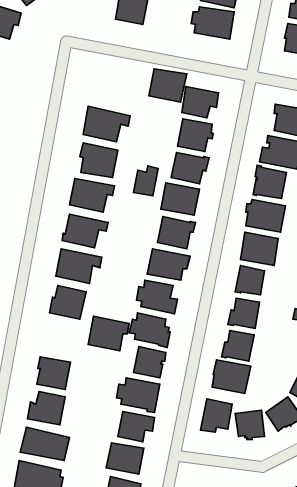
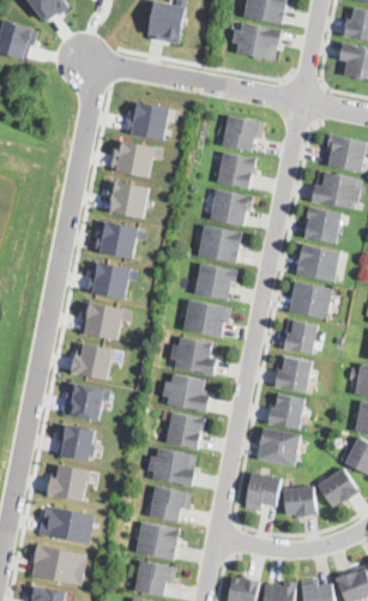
building: [149,69,187,102] -> [126,101,169,139]
building: [134,166,158,196] -> none
building: [88,316,129,351] -> [62,380,109,420]

